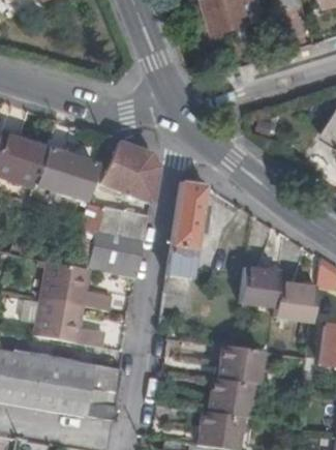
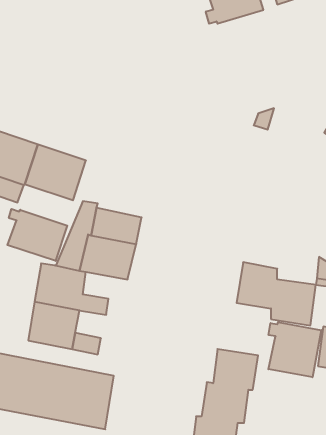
building: [102,143,157,205] -> none
building: [160,180,207,305] -> none
building: none -> [7,209,67,261]
building: none -> [268,322,321,377]

